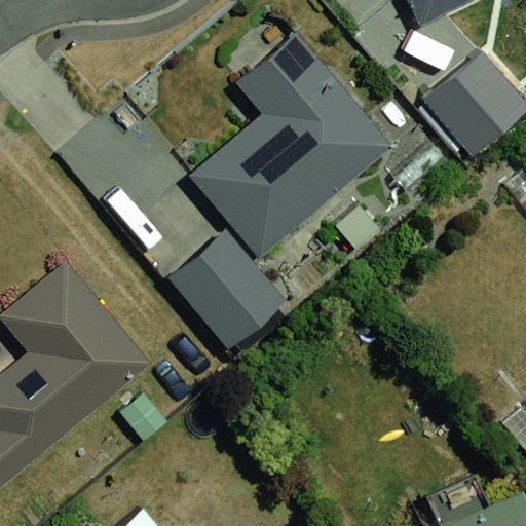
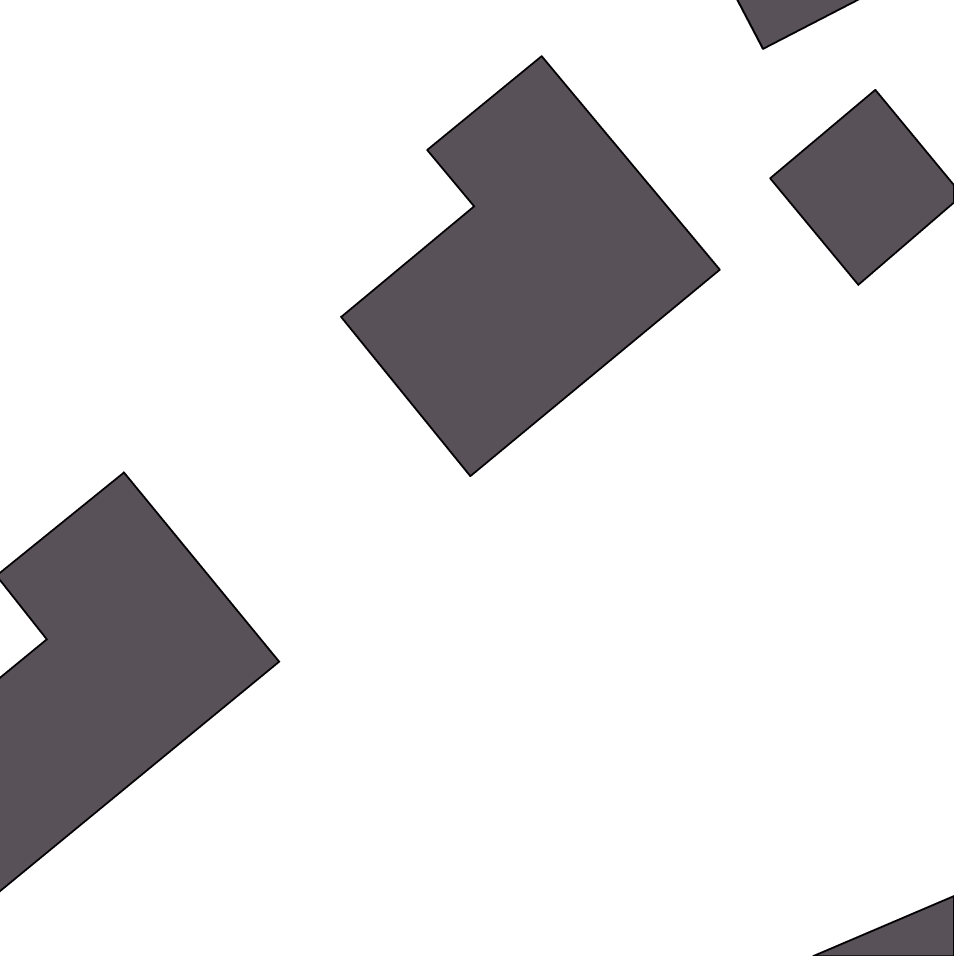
building: [170,232,283,346] -> none

